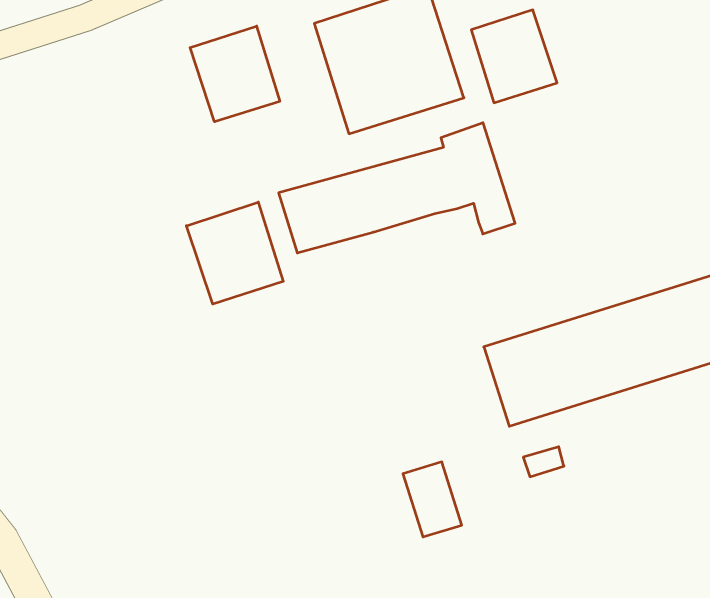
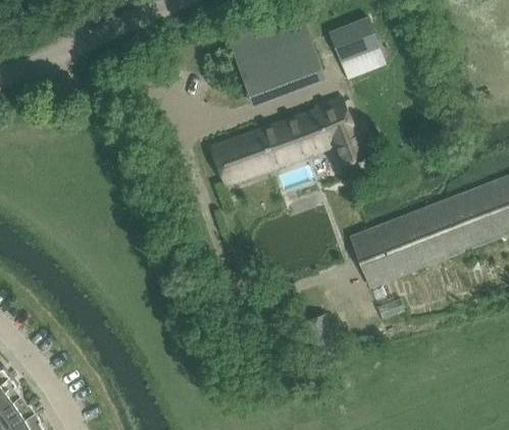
building: [190,26,280,122] -> none
building: [186,202,283,304] -> none

